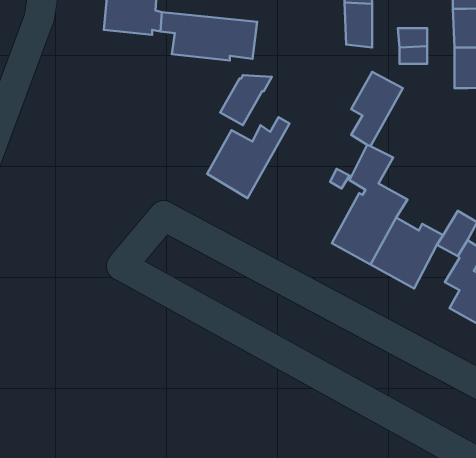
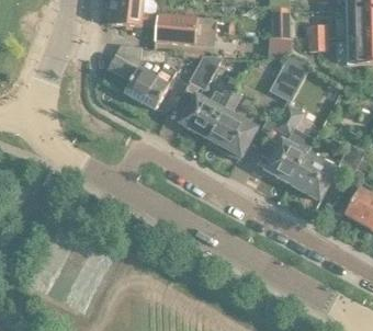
building: none -> [108,43,176,109]
building: none -> [206,88,258,159]

